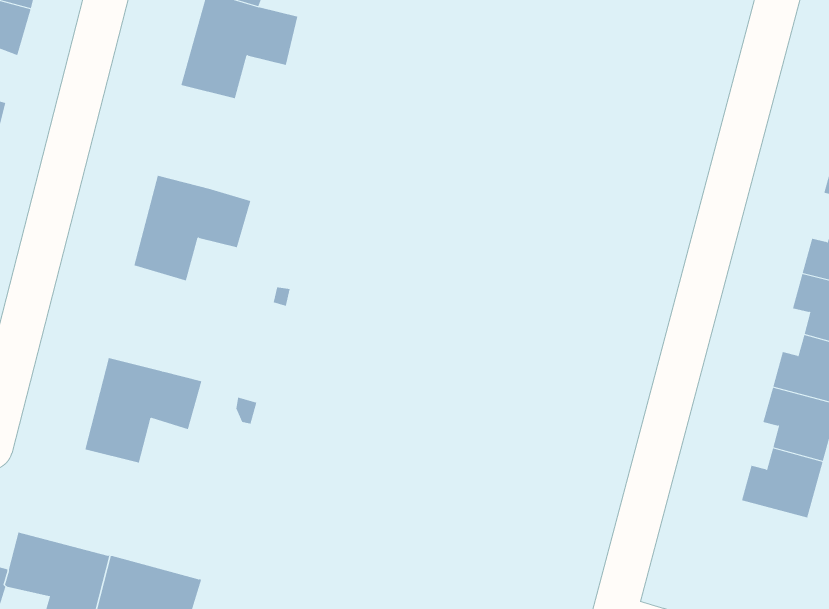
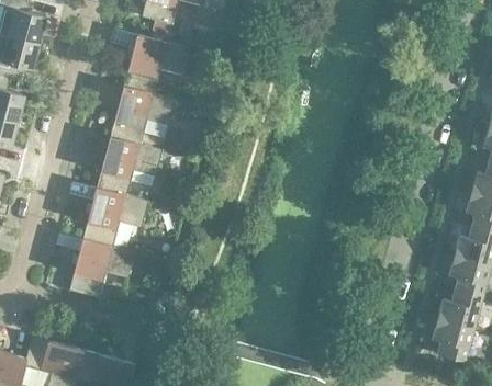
building: none -> [109,87,175,145]
building: none -> [81,188,147,247]
building: none -> [432,319,473,362]

